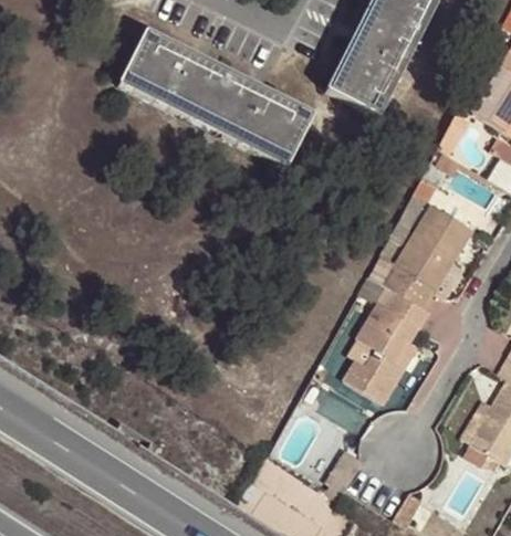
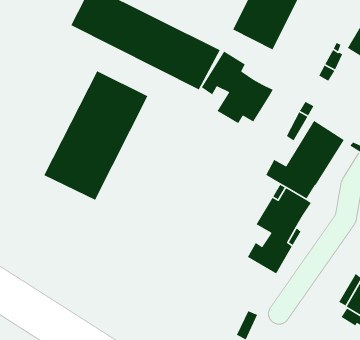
building: none -> [201,50,274,124]
building: none -> [43,70,149,201]

